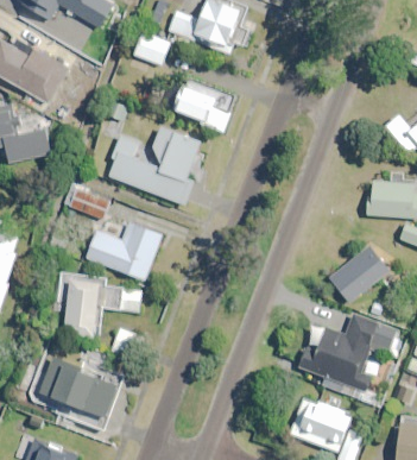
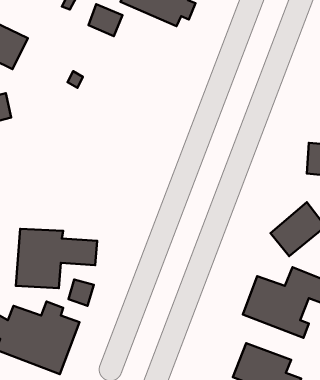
building: [171,82,236,133] -> none
building: [107,131,200,206] -> none
building: [62,182,110,220] -> none
building: [84,225,162,281] -> none

